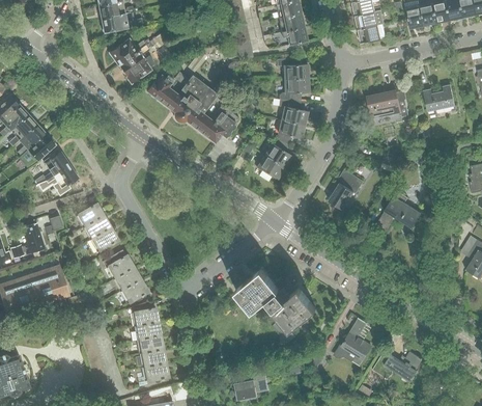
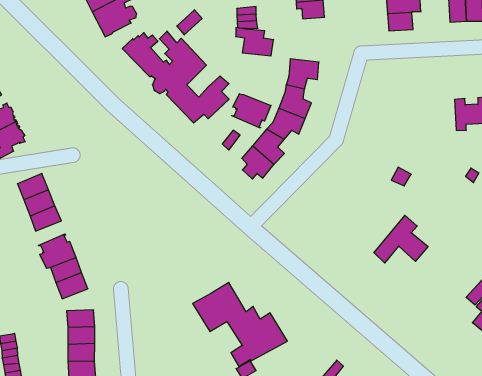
building: [276,58,308,79] -> [236,28,274,56]
building: [367,90,407,120] -> none
building: none -> [232,94,271,128]
building: [329,170,363,211] -> none

